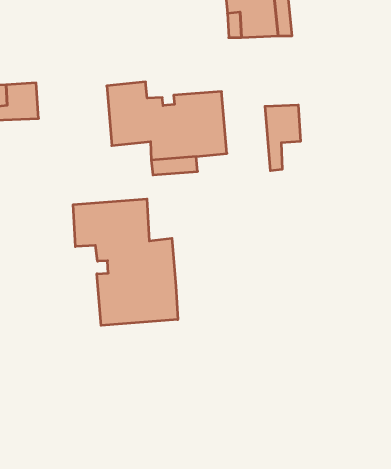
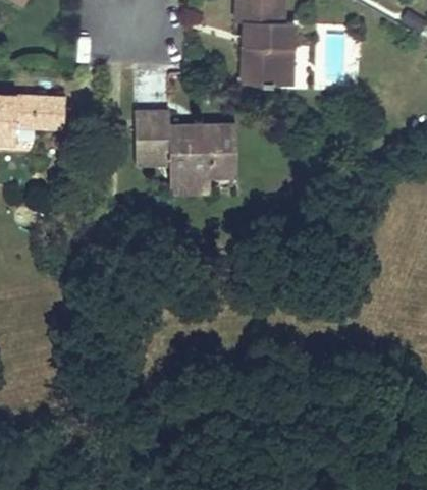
building: [265,105,300,171] -> none
building: [73,199,178,325] -> none

